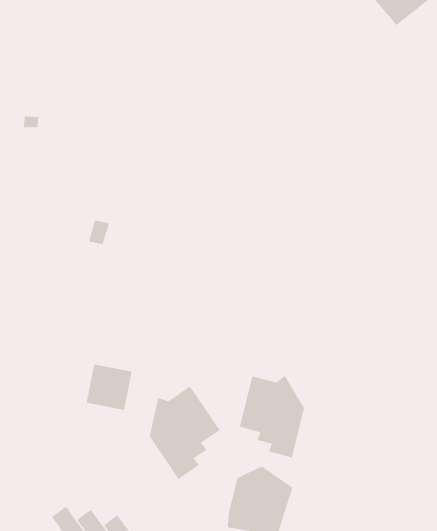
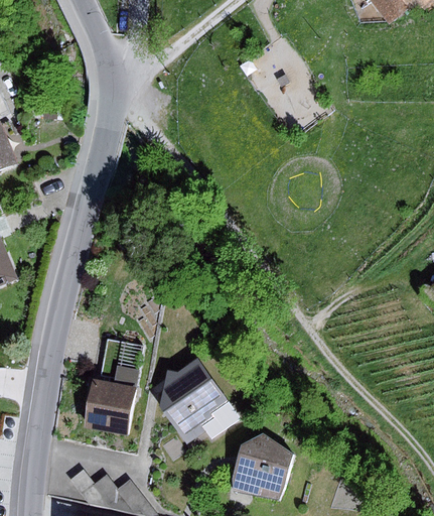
building: [239,375,305,458] -> none
building: none -> [84,378,135,435]

